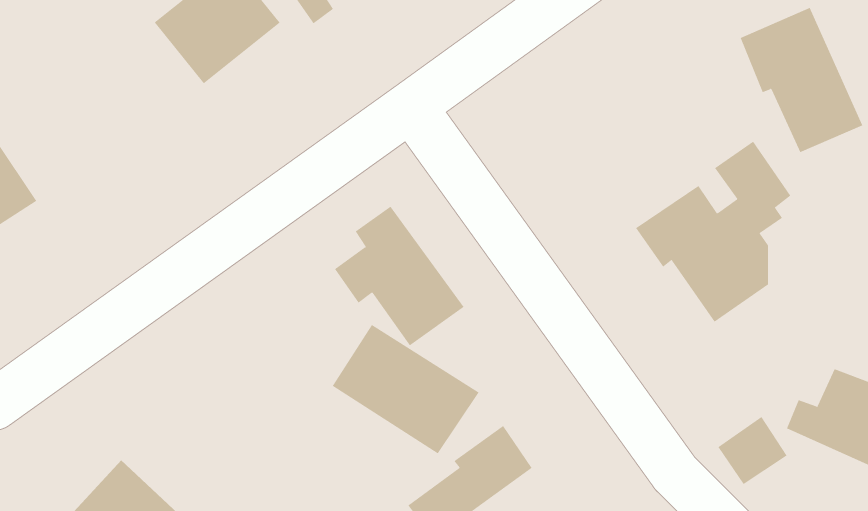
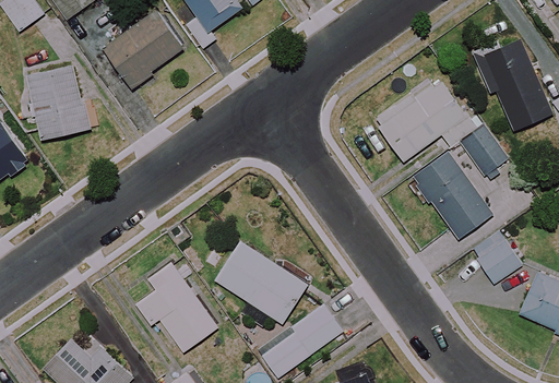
building: none -> [24,59,88,141]
building: none -> [376,77,467,160]
building: [334,206,464,346] -> [135,263,218,352]
building: [717,416,788,485] -> [477,240,522,284]

